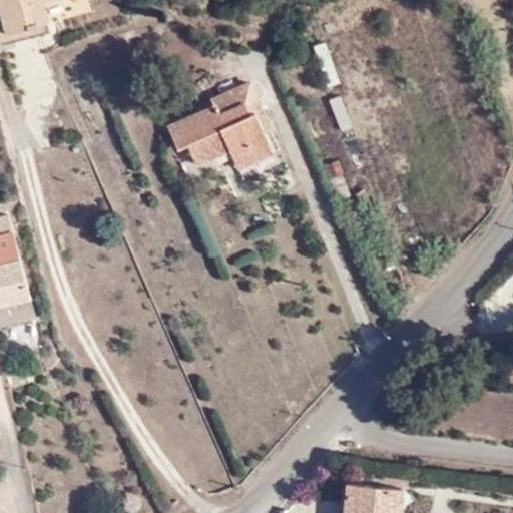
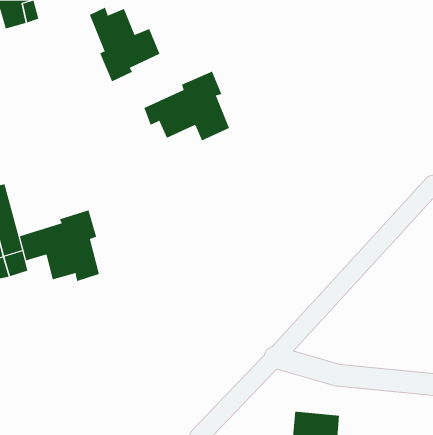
building: none -> [89,7,160,82]
building: none -> [19,210,100,282]

